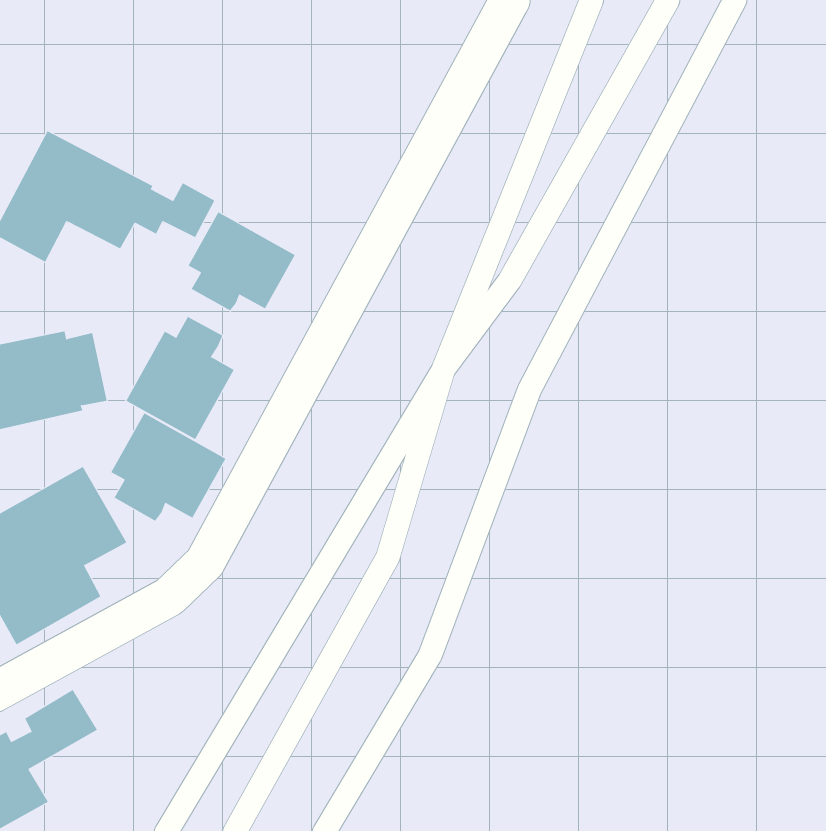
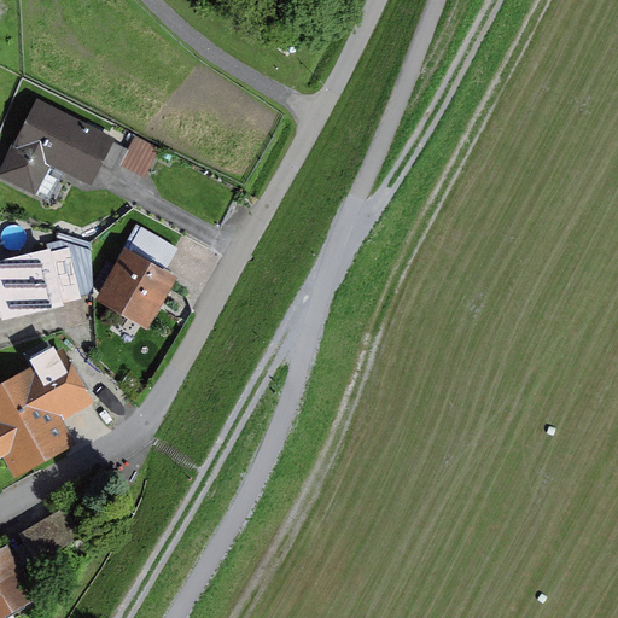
building: [188,212,295,311] -> none
building: [111,413,226,521] -> none

